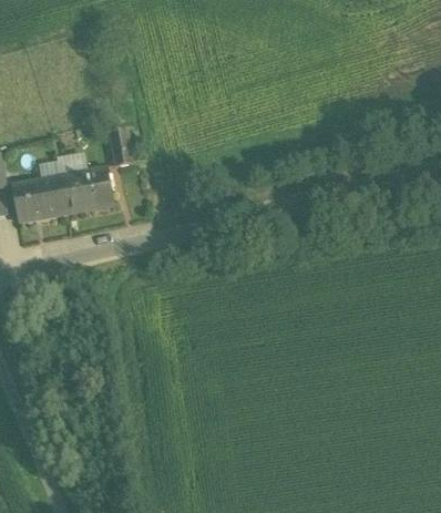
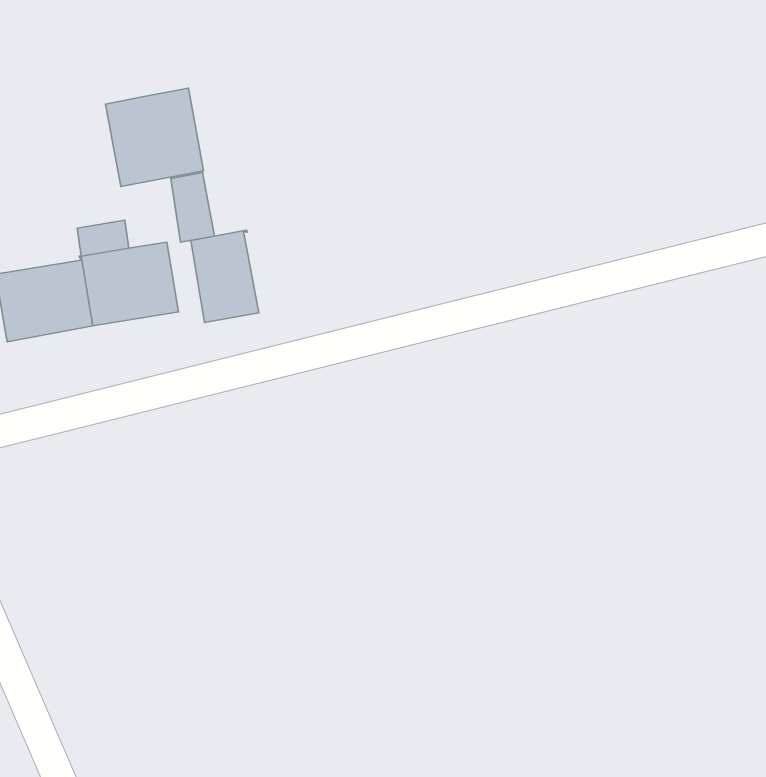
building: none -> [106,88,203,187]
building: none -> [191,230,259,323]

